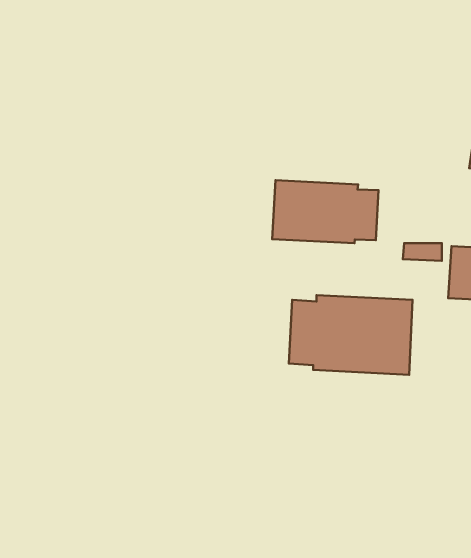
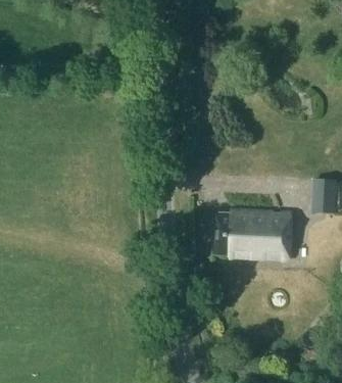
building: [272,180,378,243] -> none

